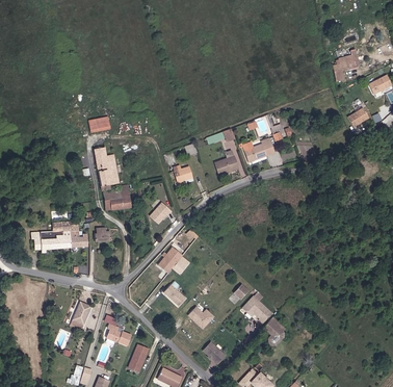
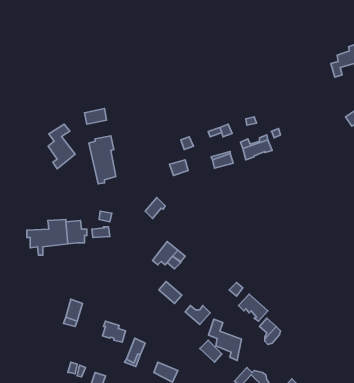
building: none -> [48,124,75,169]
building: [105,184,131,209] -> none
building: none -> [208,319,242,360]

